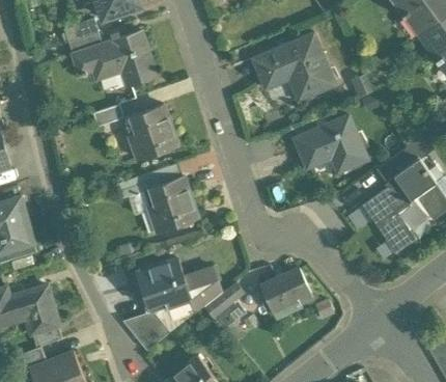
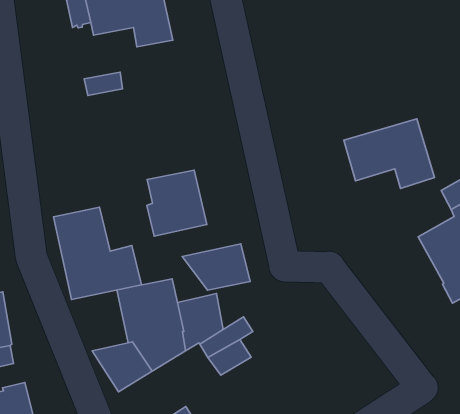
building: [251,33,335,101] -> none
building: [131,104,178,157] -> none
building: none -> [53,207,141,300]
building: none -> [182,244,250,290]
building: [260,268,311,311] -> none

